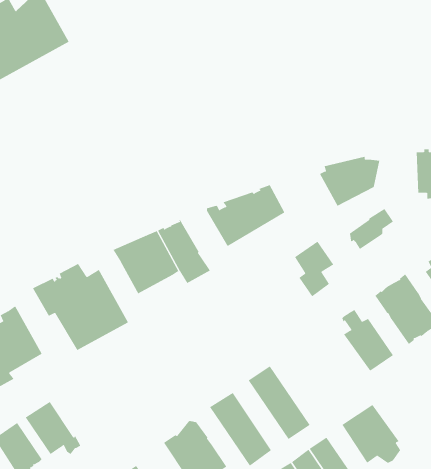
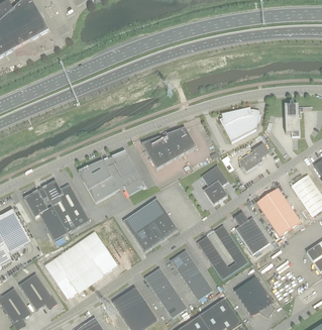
building: none -> [122,198,177,250]
building: none -> [196,224,247,279]
building: none -> [43,231,117,299]

